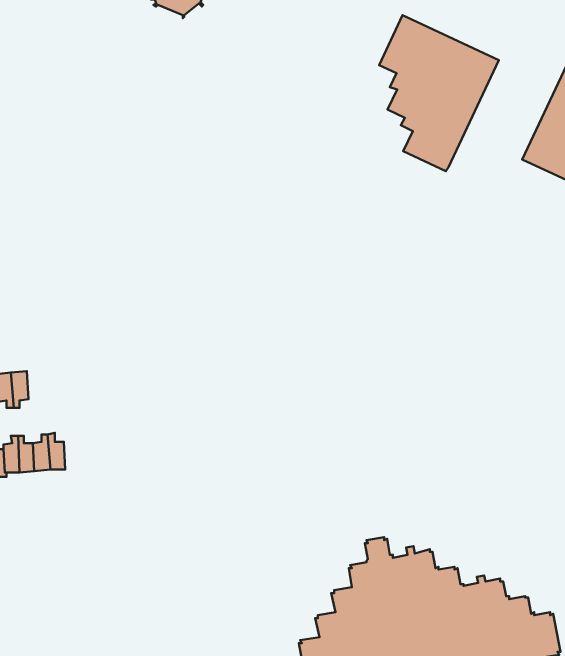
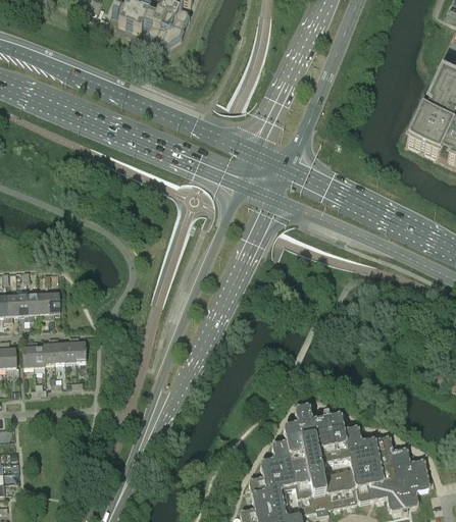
building: [379,15,499,171] -> none

